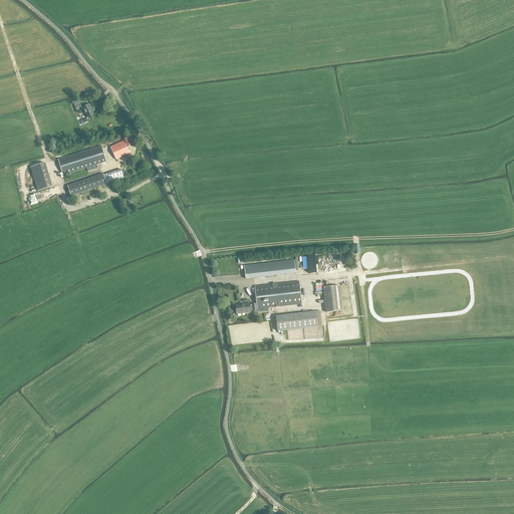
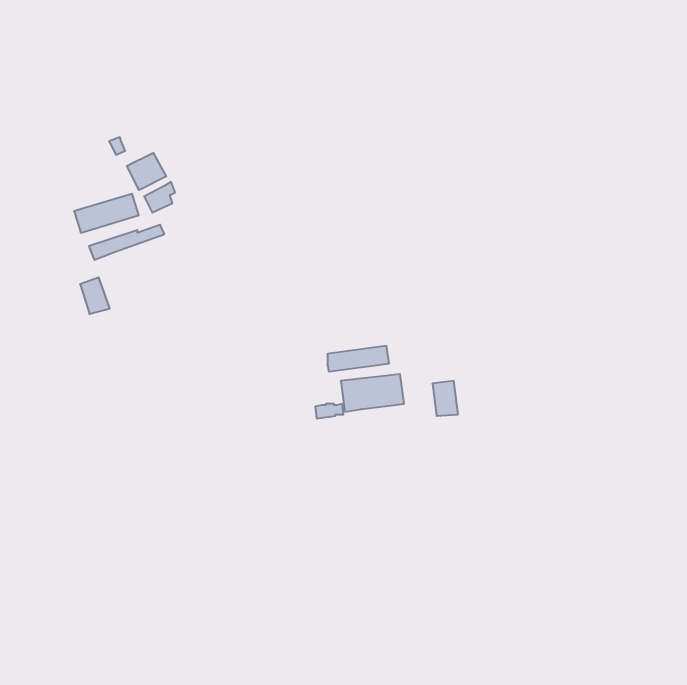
building: none -> [127,153,166,190]
building: [29,161,51,188] -> [80,278,110,314]
building: [275,309,317,329] -> none

